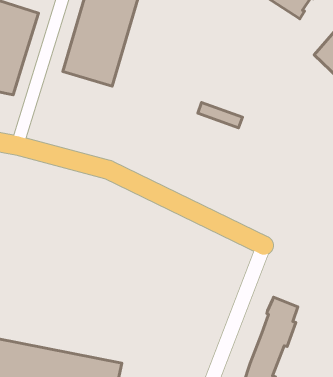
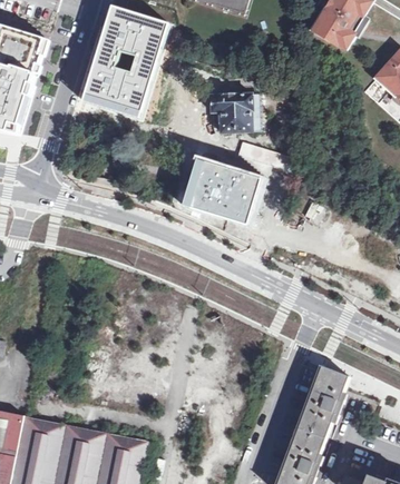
building: none -> [212,96,253,132]
building: none -> [177,155,263,231]

